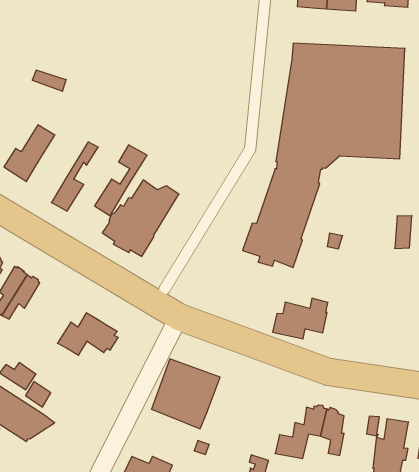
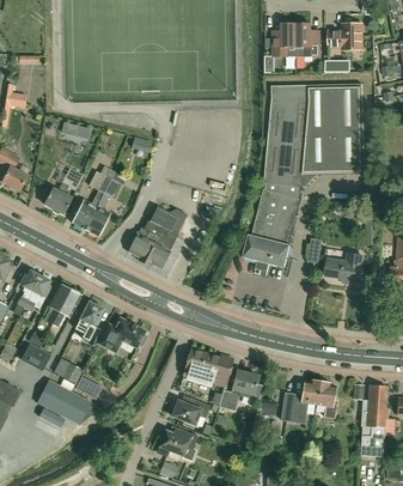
building: [95,145,147,216] -> [72,171,111,230]
building: none -> [77,302,103,341]
building: [273,298,328,339] -> [319,254,362,287]
building: none -> [219,370,263,411]
building: none -> [170,399,210,425]

